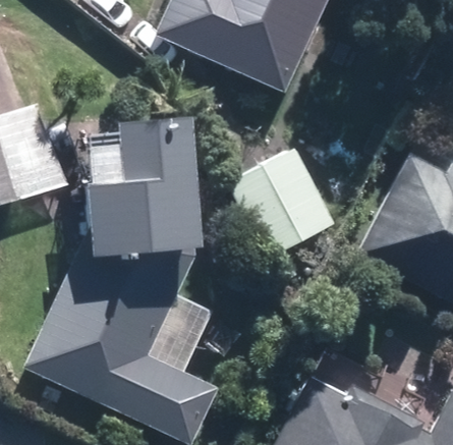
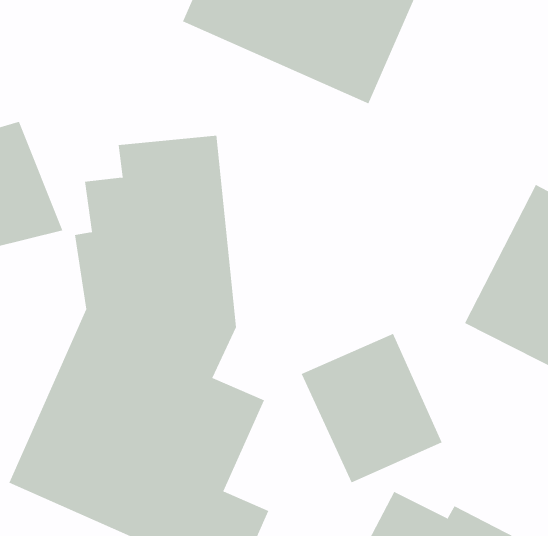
building: [233,146,336,255] -> [301,333,442,483]

